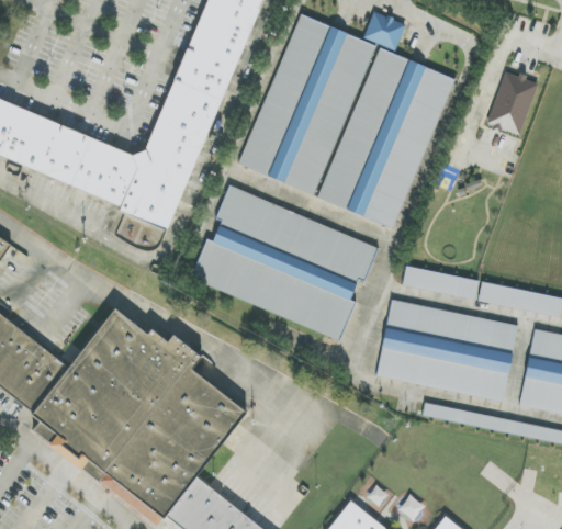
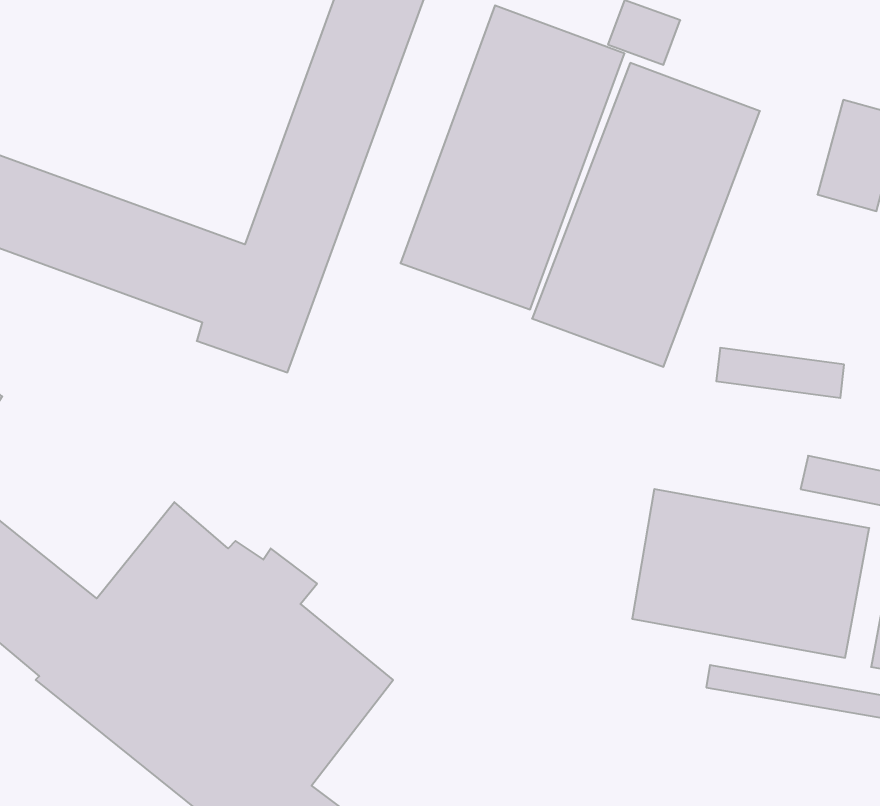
building: [190,190,379,337] -> none
building: [403,268,479,297] -> [716,348,844,398]

